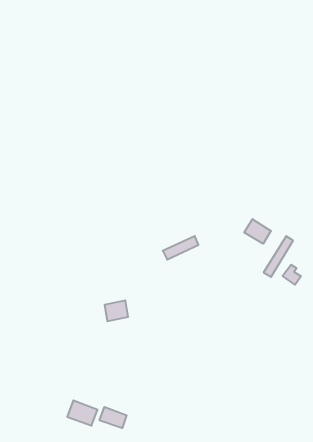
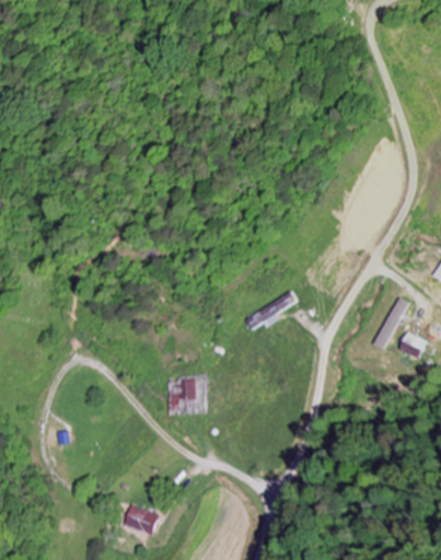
building: [244,219,271,244] -> none
building: [100,407,127,428] -> none

